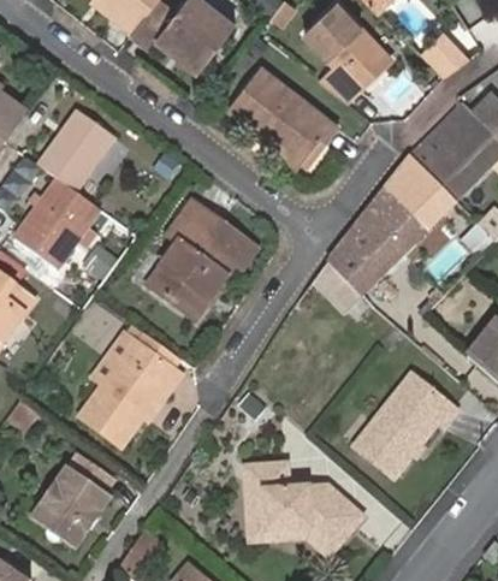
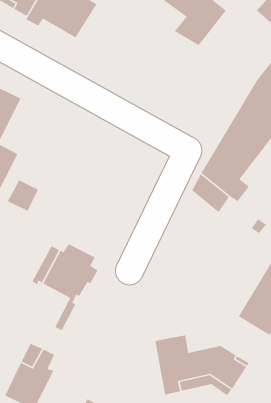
building: [226,55,333,155] -> none
building: [149,196,256,313] -> none
building: [82,378,140,435] -> none

